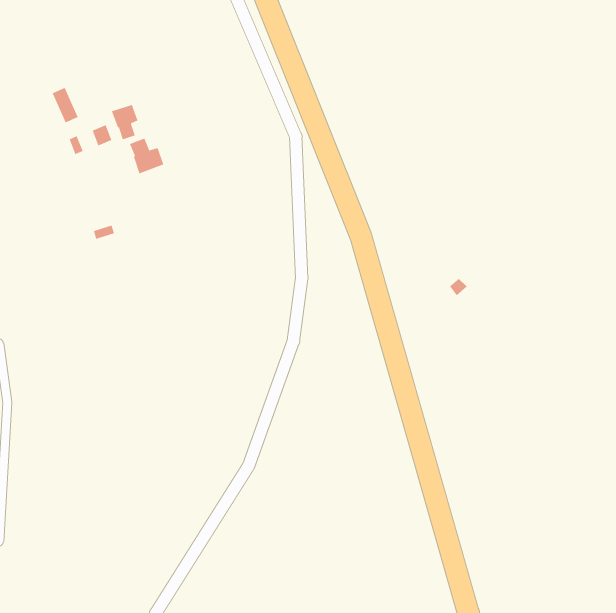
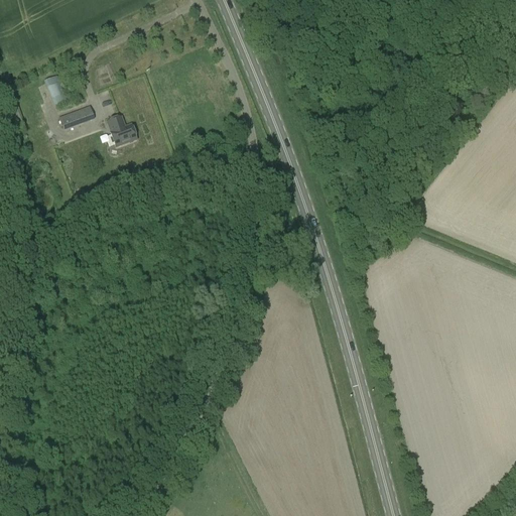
building: [111,104,138,140] -> none

